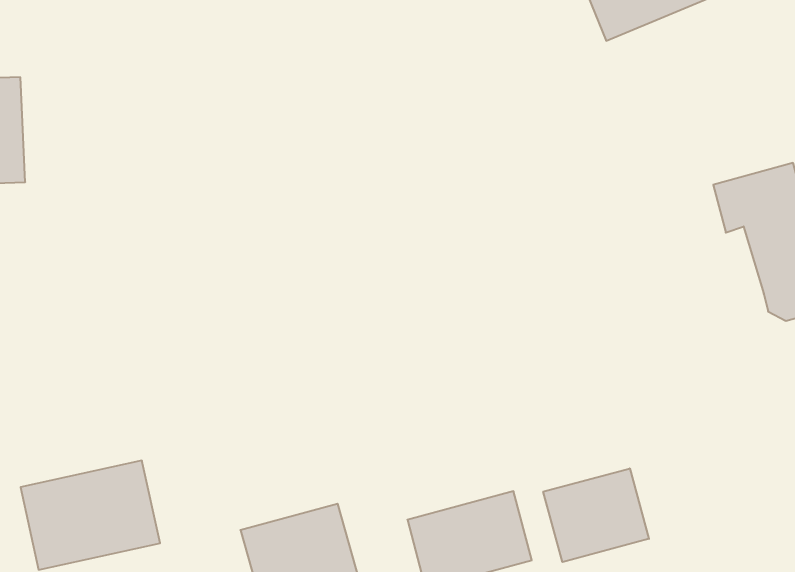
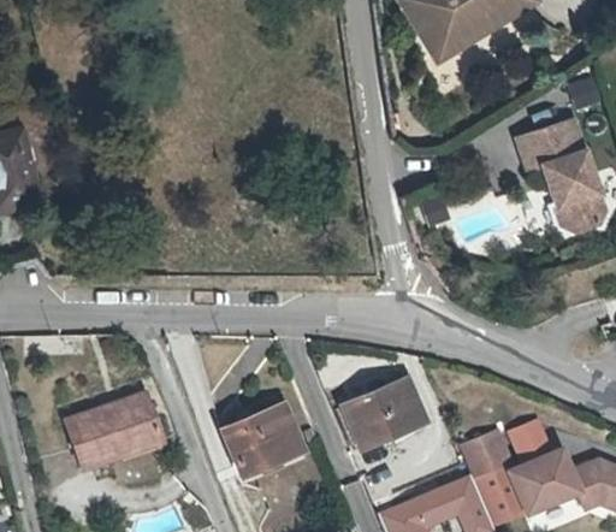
building: [543,468,649,562] -> none

